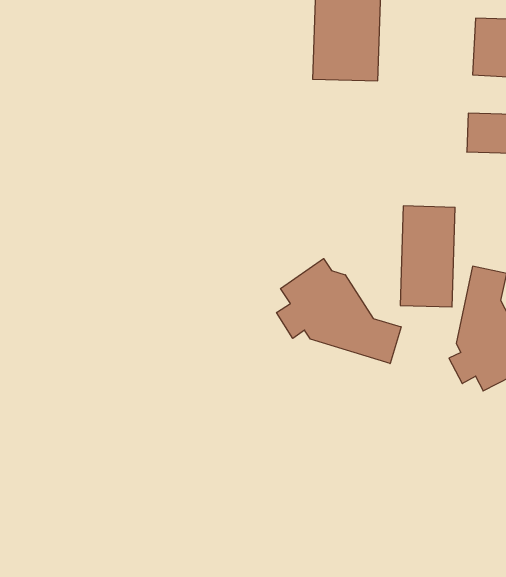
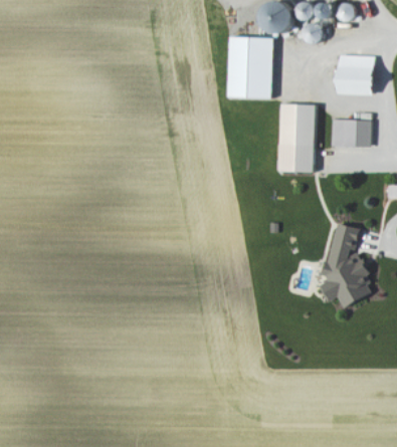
building: [400,206,455,307] -> [278,103,316,172]
building: [277,259,401,364] -> none

